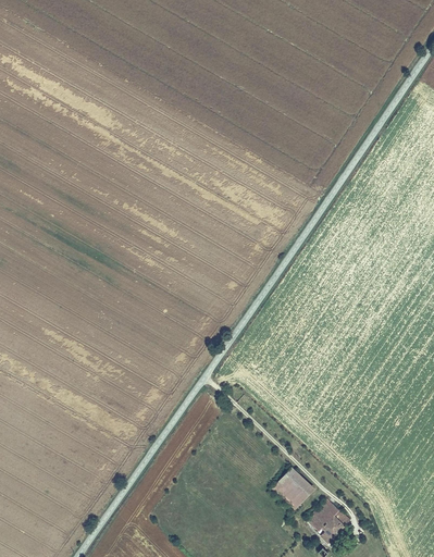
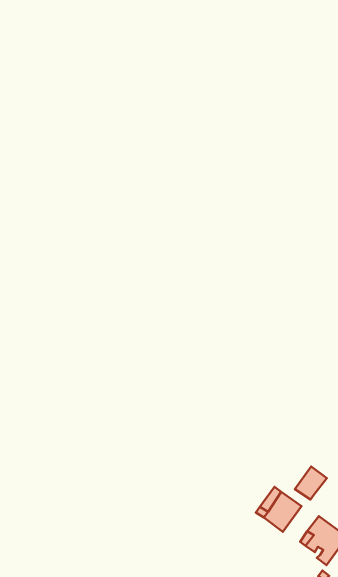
building: none -> [295,466,327,500]

